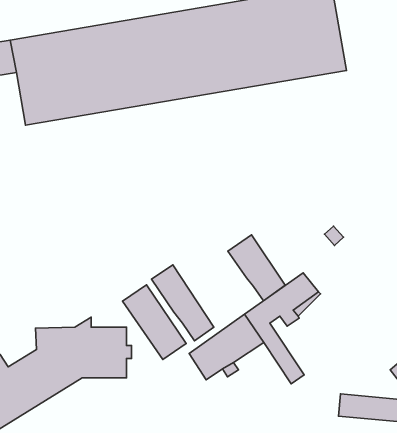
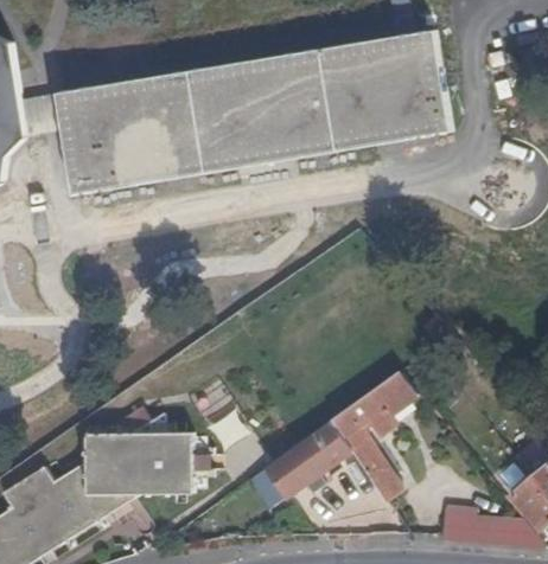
building: [228,235,285,301] -> none
building: [151,265,214,341] -> none

